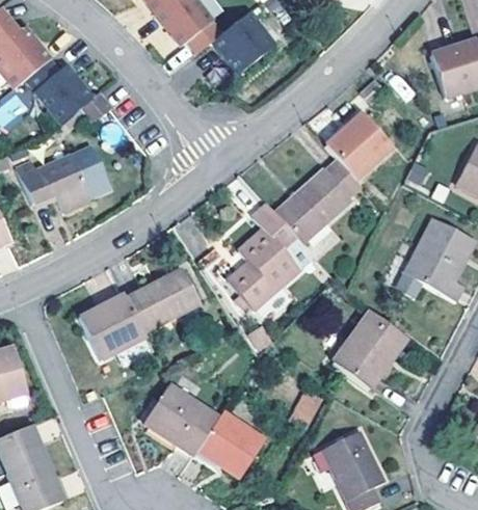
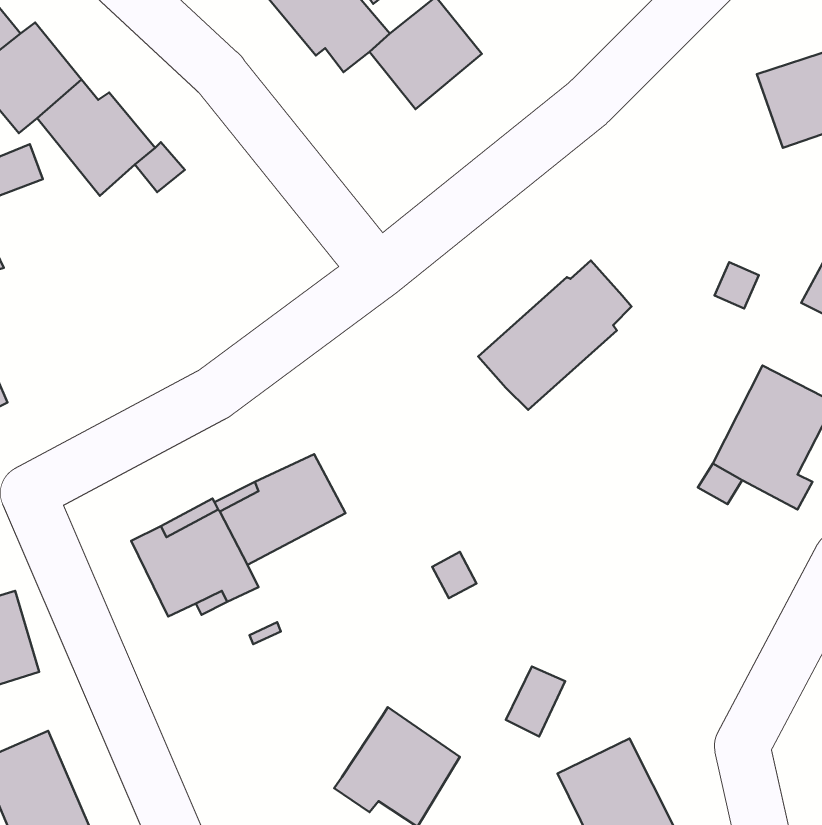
building: [324,113,391,179] -> none
building: [15,144,108,211] -> none
building: [225,204,297,308] -> none
building: [334,311,407,387] -> none
building: [143,383,219,456] -> none

